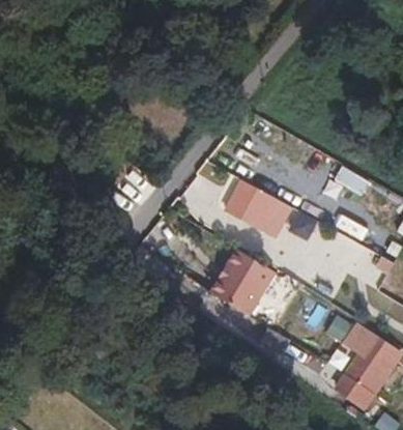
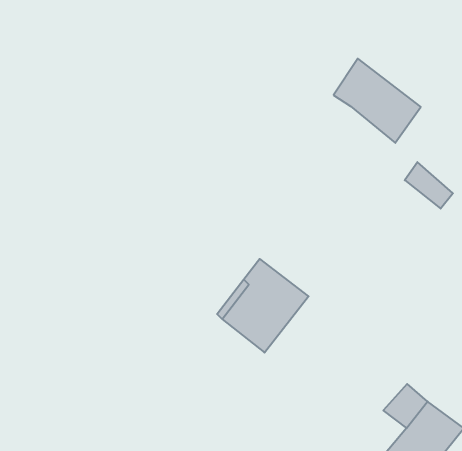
building: [226,179,290,236] -> [334,59,421,143]

